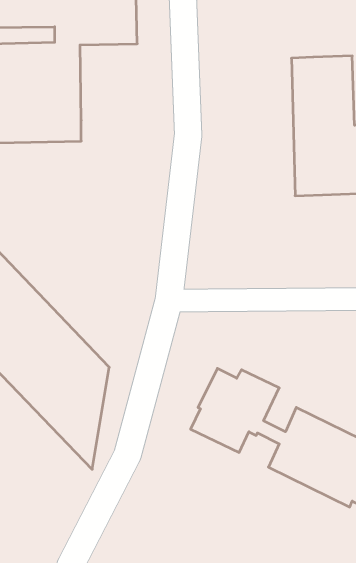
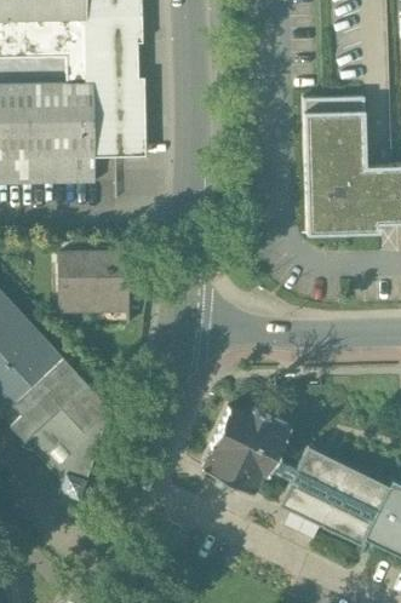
building: none -> [91,84,149,160]
building: none -> [57,240,133,310]

